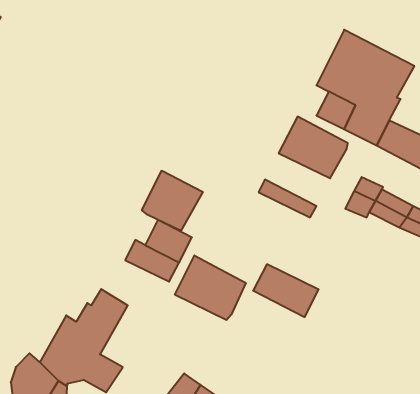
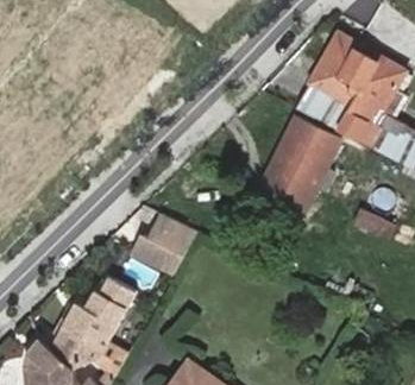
building: [142,171,203,231] -> none
building: [175,255,246,320] -> none
building: [253,264,319,317] -> [263,151,325,201]

